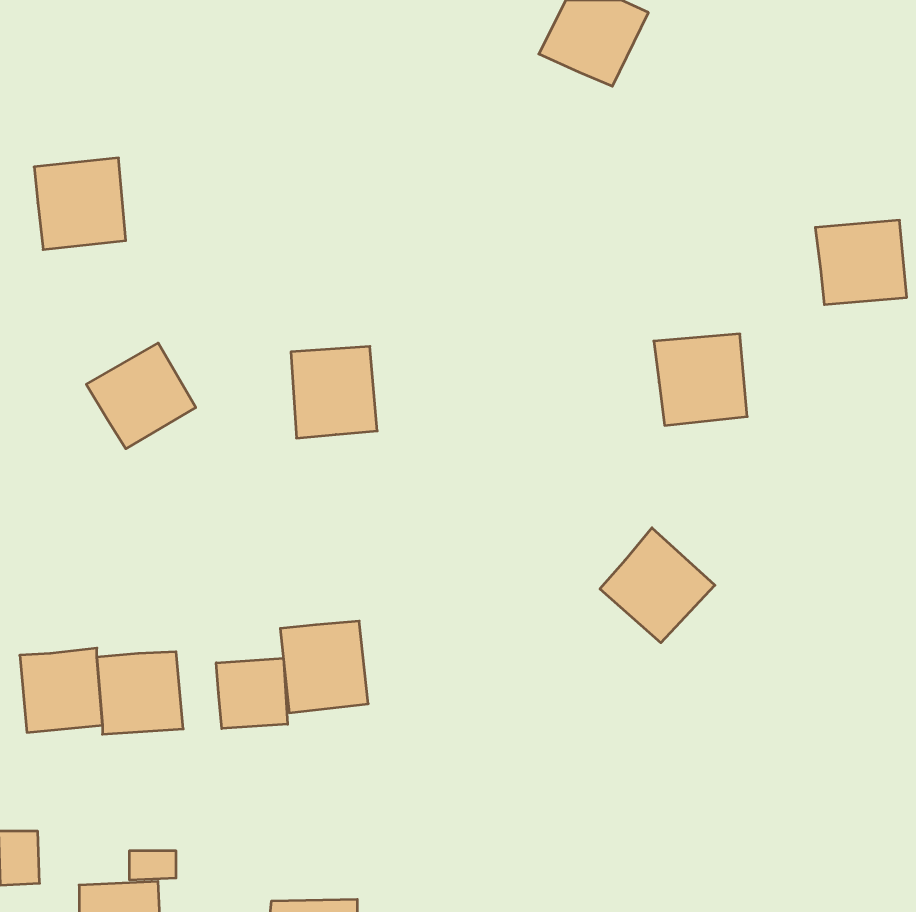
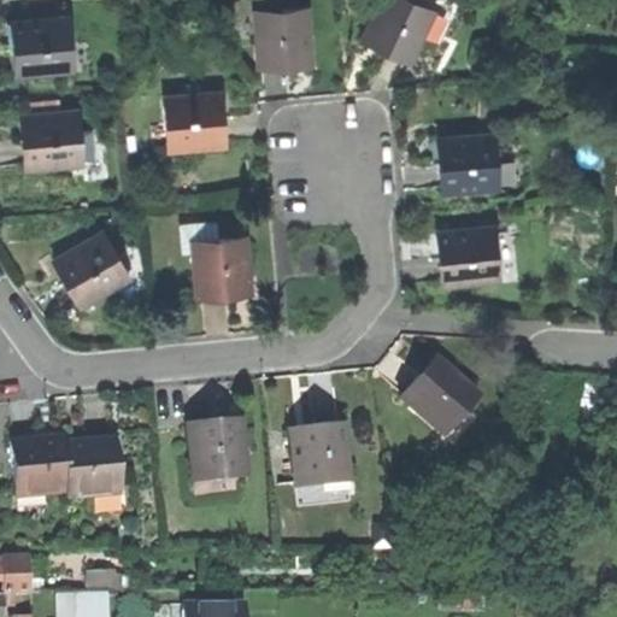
building: none -> [258,12,312,70]
building: none -> [13,17,75,75]
building: none -> [166,92,227,148]
building: [815,220,907,305] -> [439,135,500,192]
building: none -> [294,425,349,488]
building: [216,658,288,729] -> none

